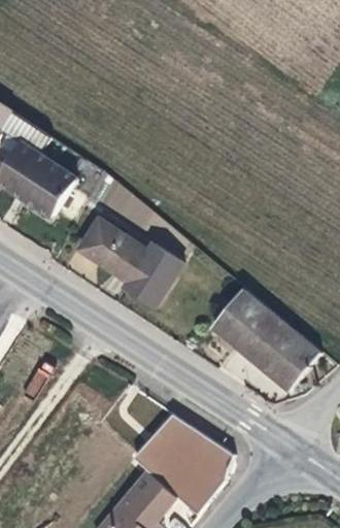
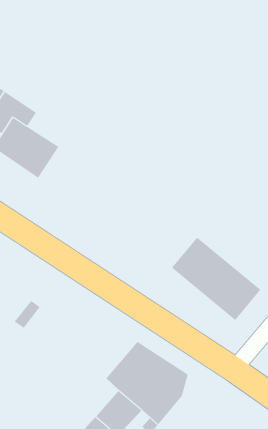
building: [79,219,180,305] -> none

